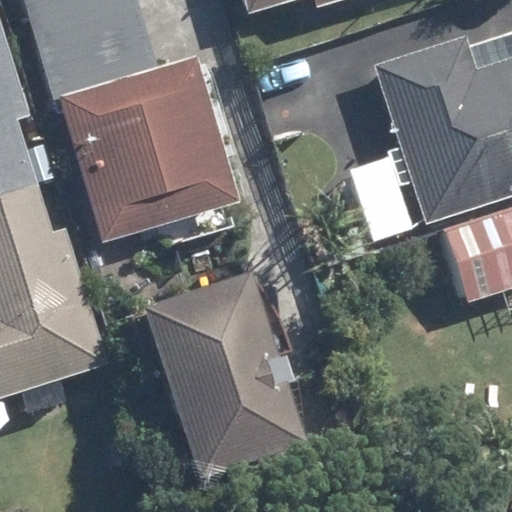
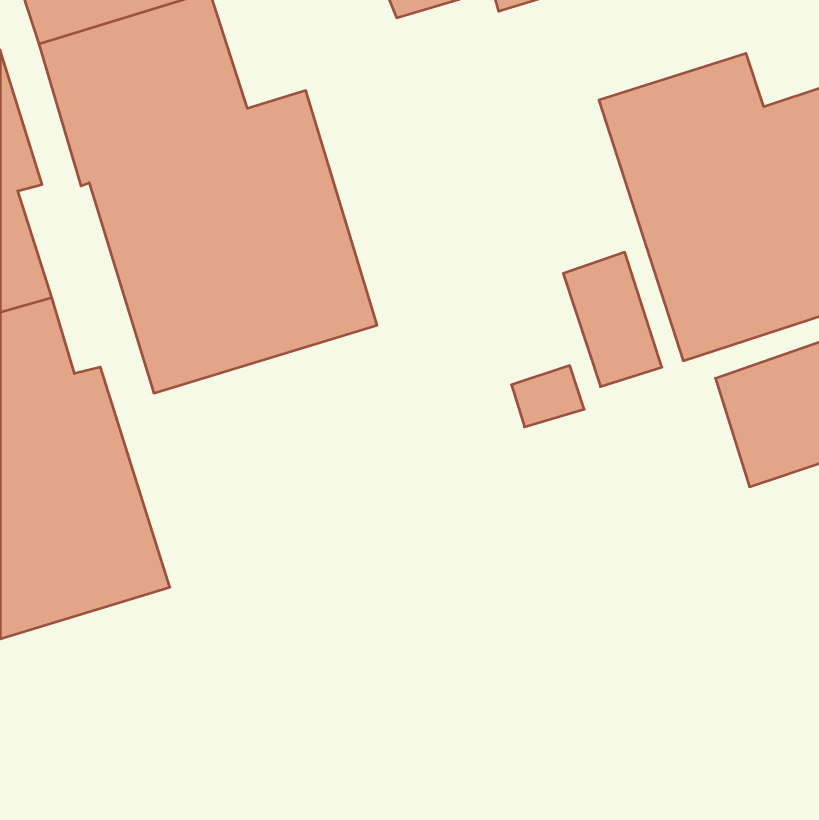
building: [141,273,300,481] -> none

